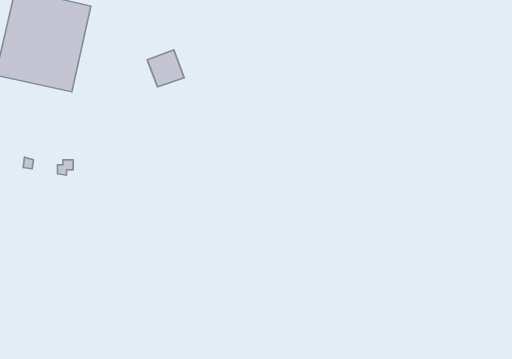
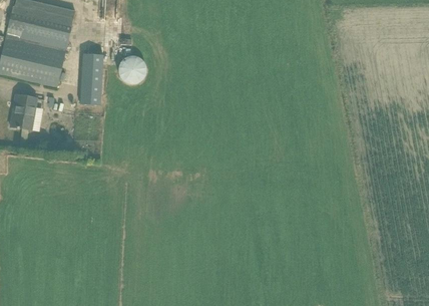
building: none -> [80,52,102,103]
building: none -> [10,93,36,128]

